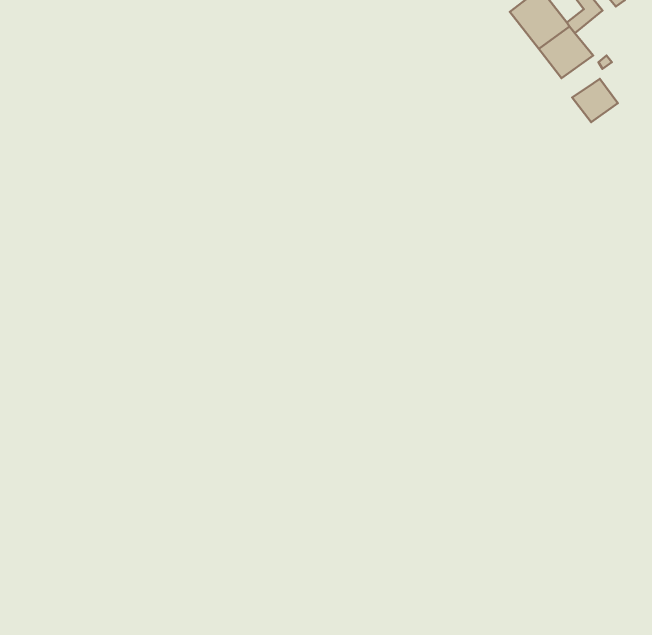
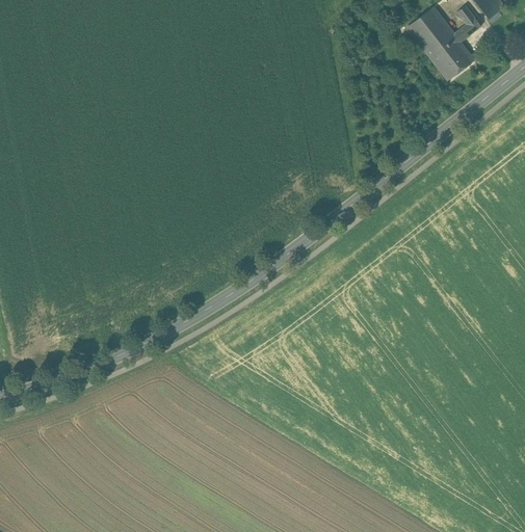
building: [572,79,618,122] -> none

